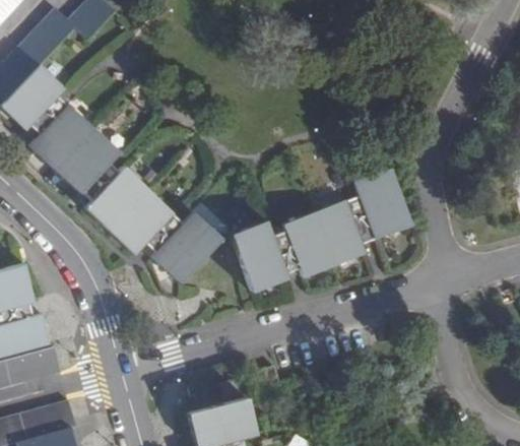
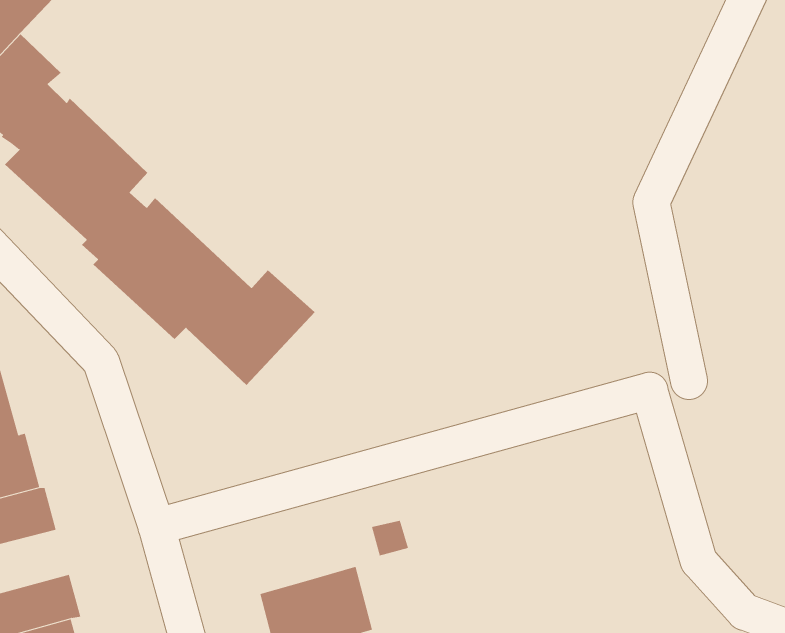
building: [231,167,411,292] -> none

